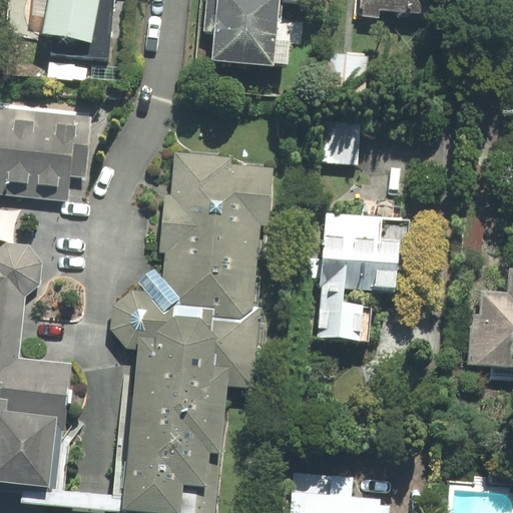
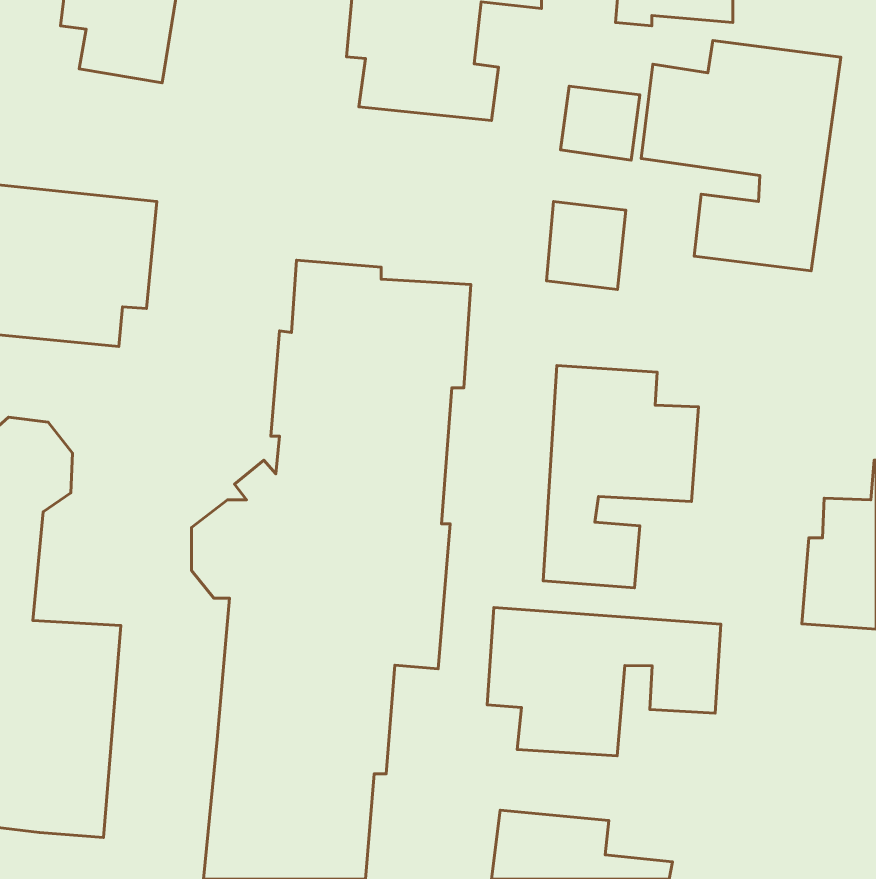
building: none -> [641,40,841,271]
building: none -> [487,607,721,756]

